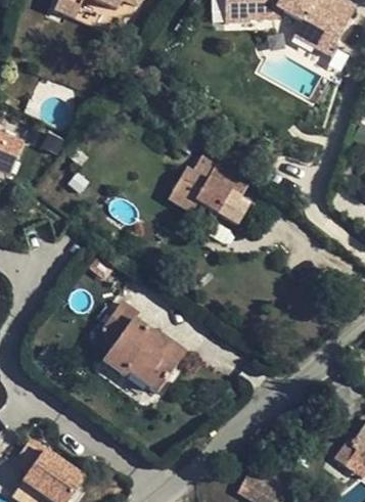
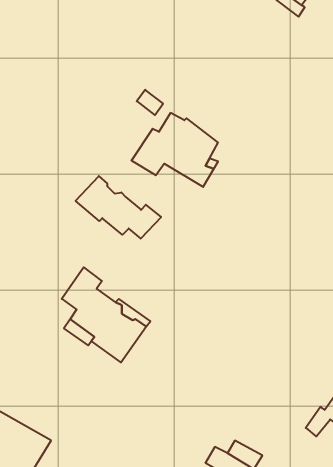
building: none -> [76,176,161,239]

